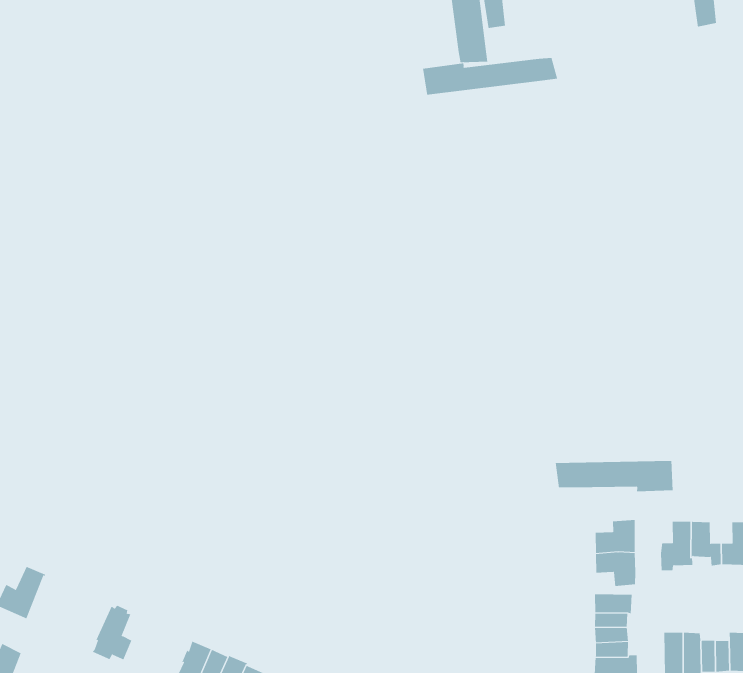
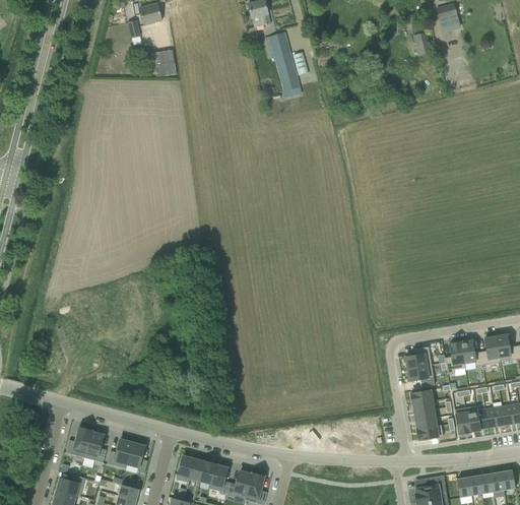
building: [423,57,558,95] -> none
building: [555,460,673,492] -> none
building: none -> [84,431,106,462]
building: none -> [107,439,132,468]

